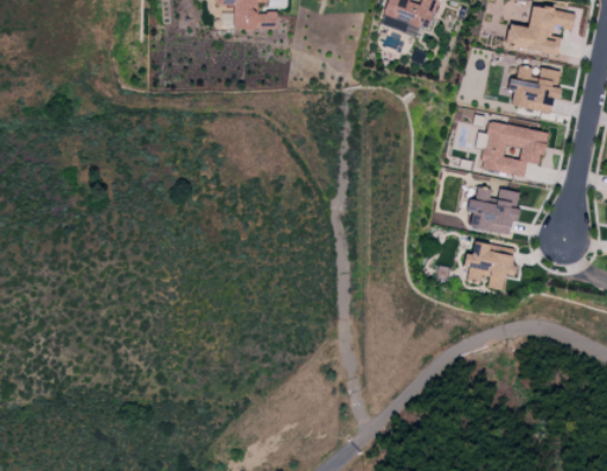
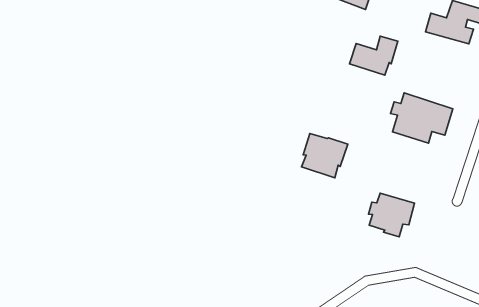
building: [507,66,561,112] -> [350,36,398,75]
building: [469,185,520,234] -> [302,133,348,178]

